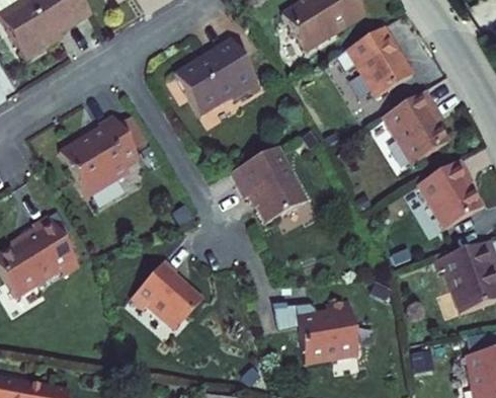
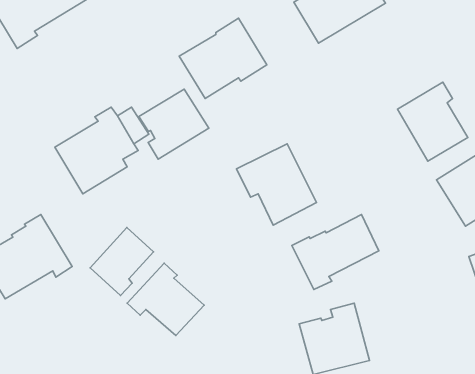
building: [341,28,418,101] -> none
building: none -> [139,89,209,159]
building: none -> [292,215,379,290]
building: none -> [90,227,153,296]

